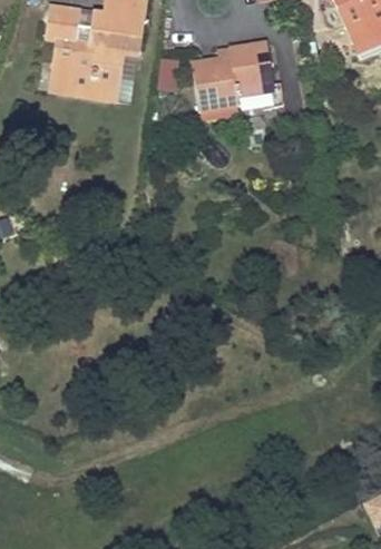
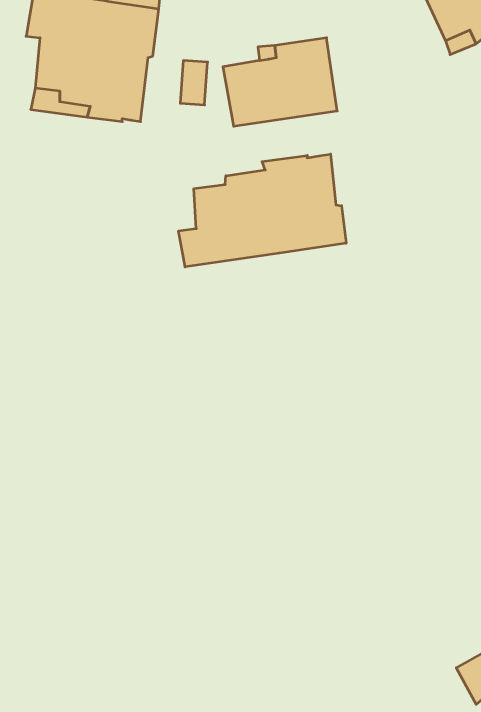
building: none -> [179,154,346,267]

